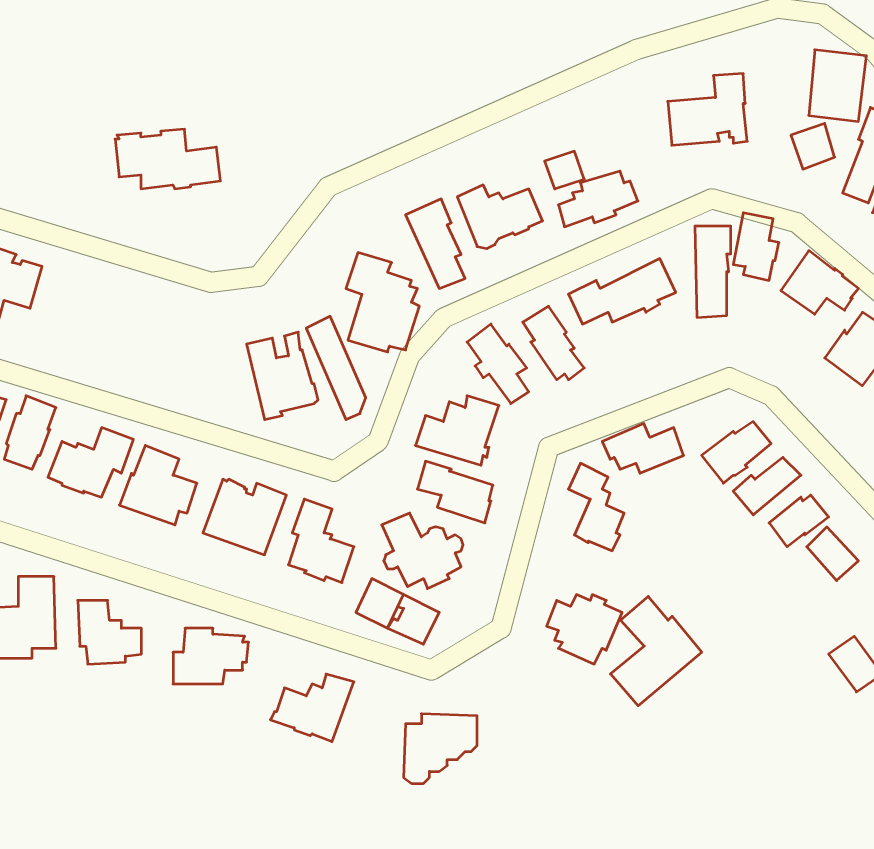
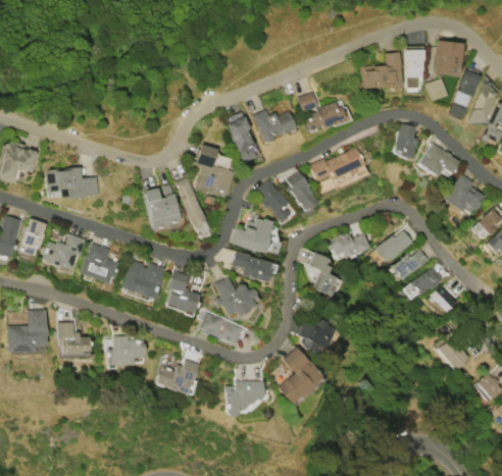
building: [115,129,220,189] -> [46,168,100,199]
building: [695,226,731,317] -> [405,47,423,94]
building: [610,596,702,706] -> [280,349,327,405]

